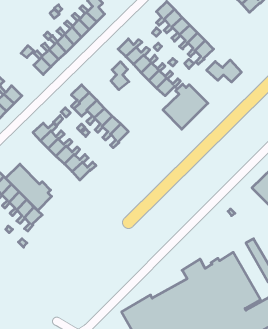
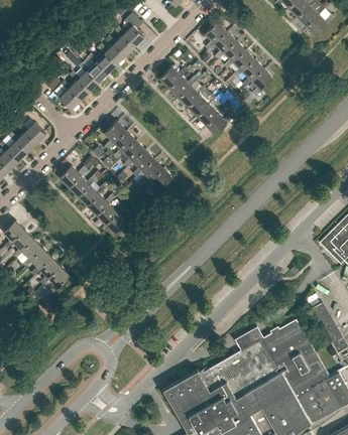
building: [207,60,241,82] -> none
building: [111,62,129,90] -> none
building: [163,84,208,129] -> none
building: [5,164,52,211] -> none

